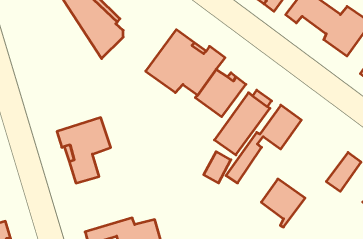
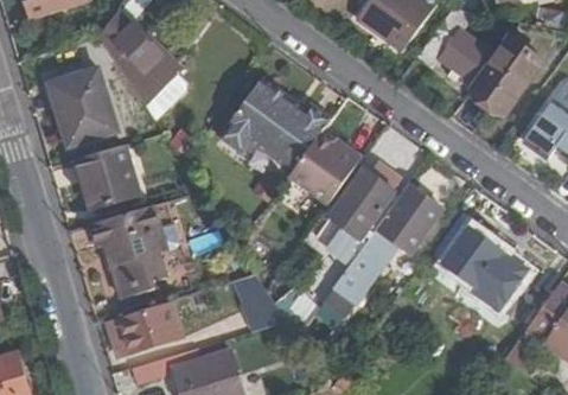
building: none -> [47,70,115,147]
building: none -> [75,147,135,208]
building: none -> [232,275,287,332]
building: [261,179,305,227] -> [445,229,508,298]
building: none -> [108,305,179,355]

